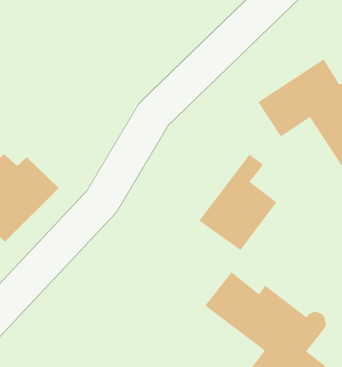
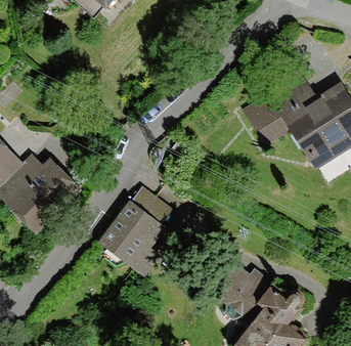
building: [198,154,277,251] -> [99,186,166,268]

